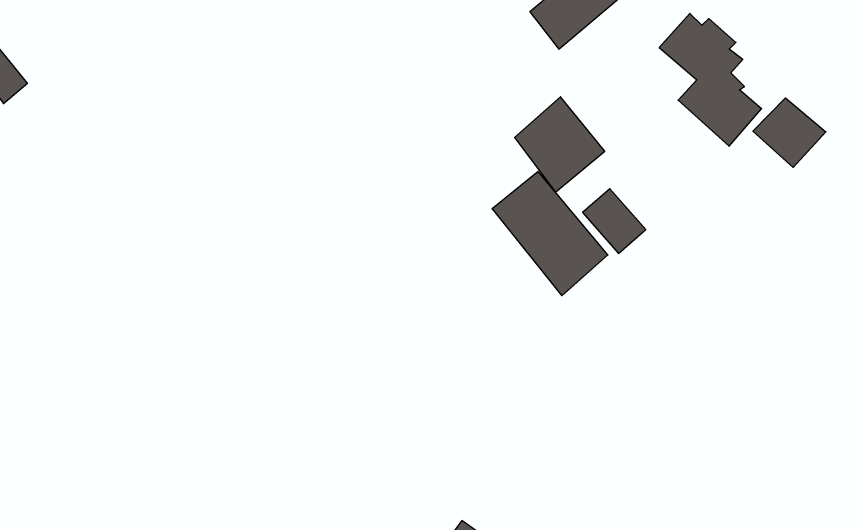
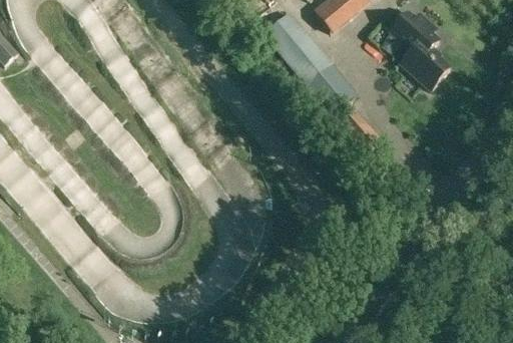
building: [753,98,826,167] -> none
building: [492,171,608,296] -> [263,11,331,84]

